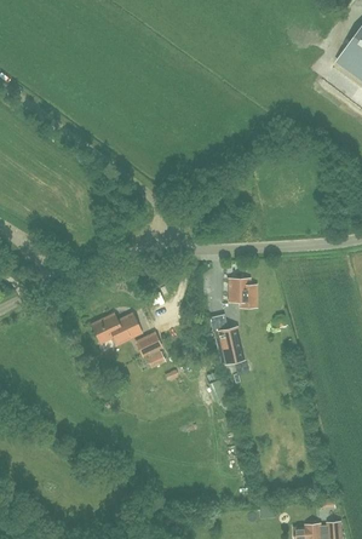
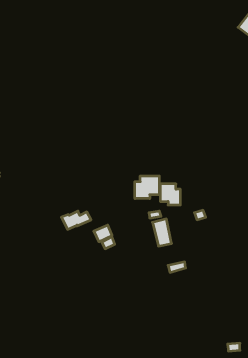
building: none -> [135,176,159,199]

